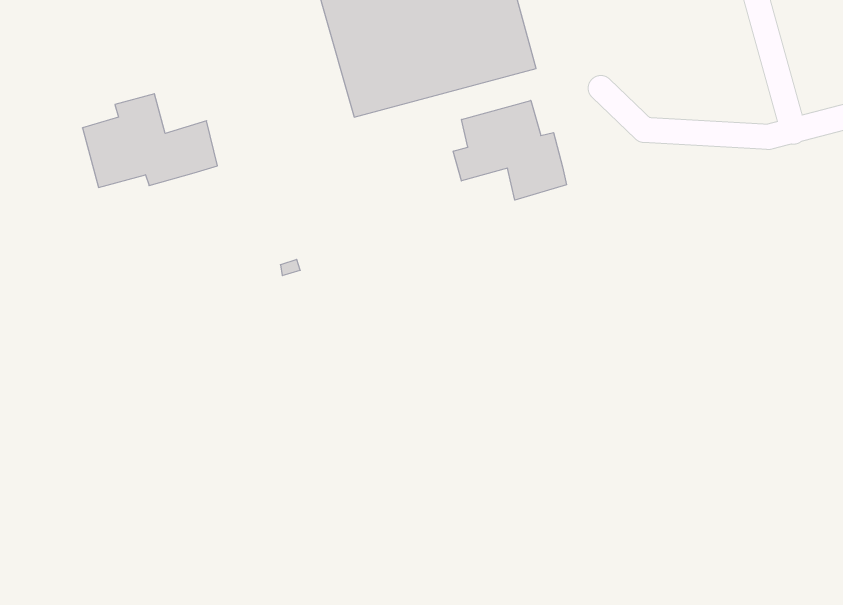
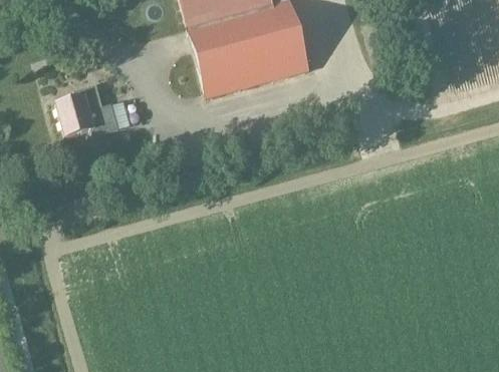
building: [453,100,567,200] -> none

